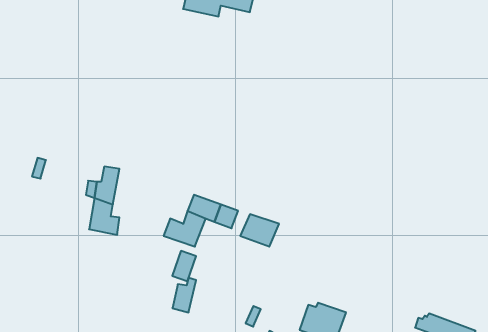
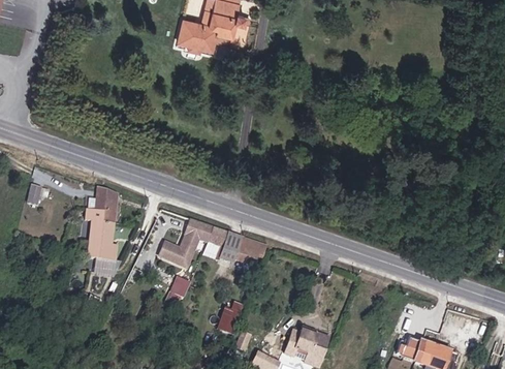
building: [172,278,196,312] -> [217,301,240,334]

